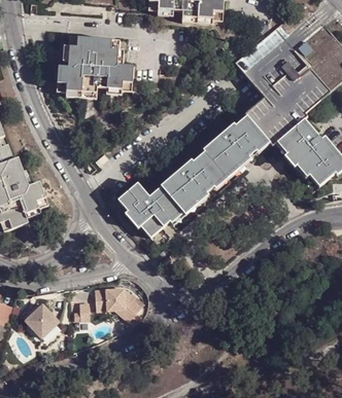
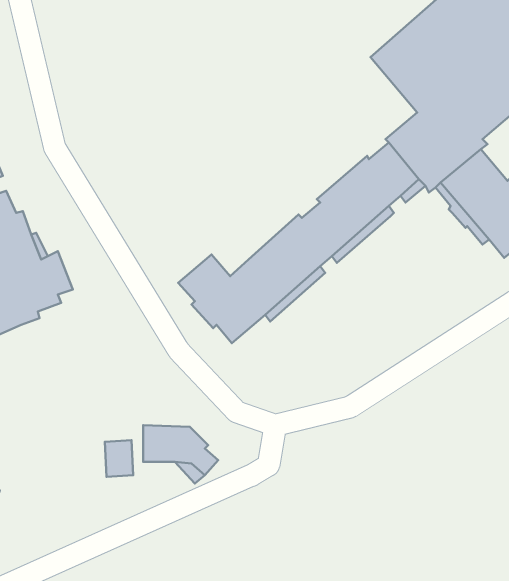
building: [55,33,132,96] -> none
building: [24,304,58,339] -> none

